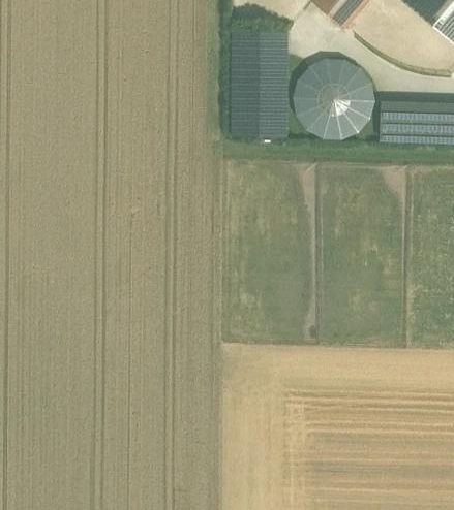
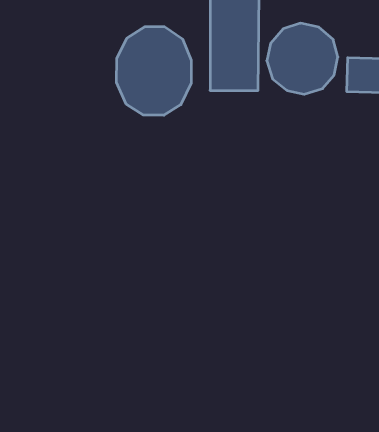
building: none -> [116,27,191,115]

